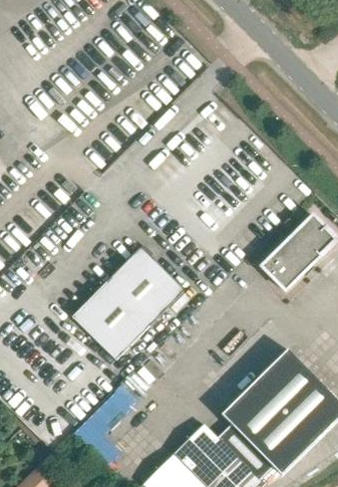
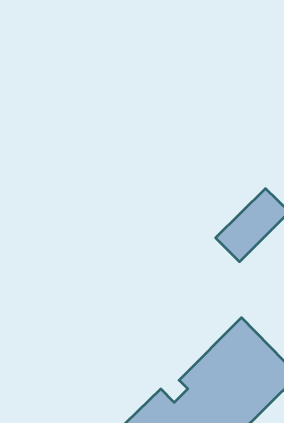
building: [71,248,184,360] -> none

